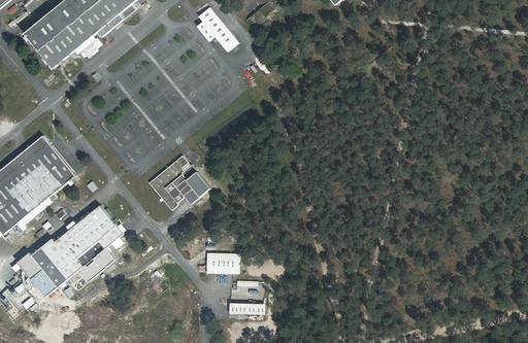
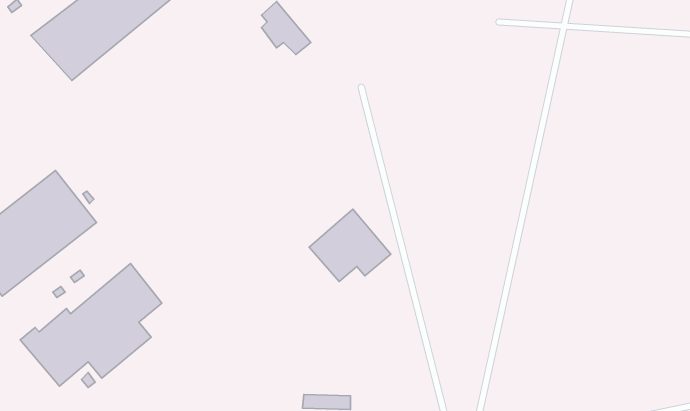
building: [147,155,209,209] -> [309,209,391,281]
building: [207,252,239,274] -> none

